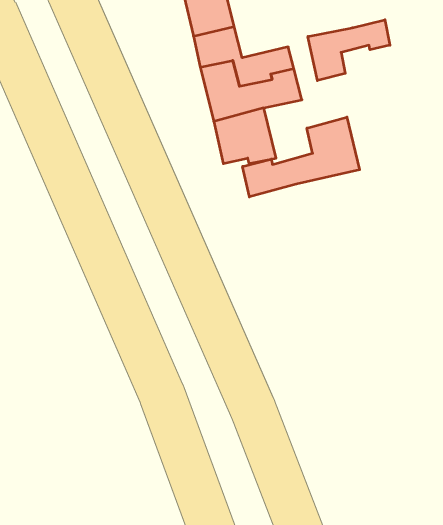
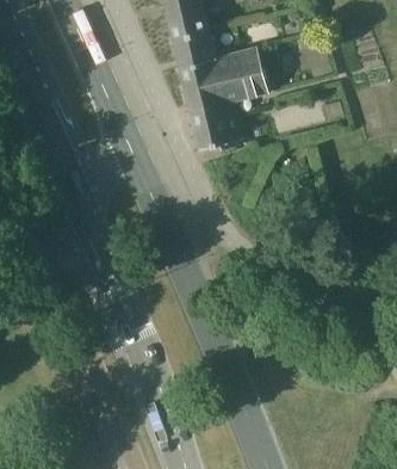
building: [308,20,390,81] -> none
building: [243,117,360,197] -> none

